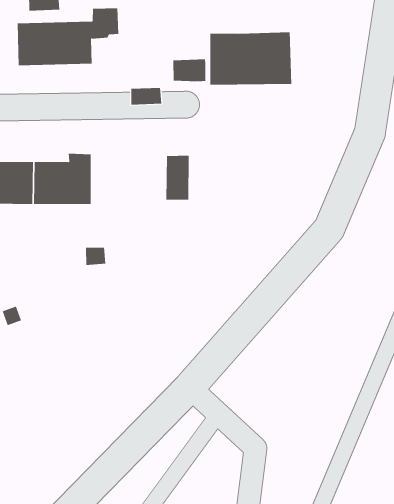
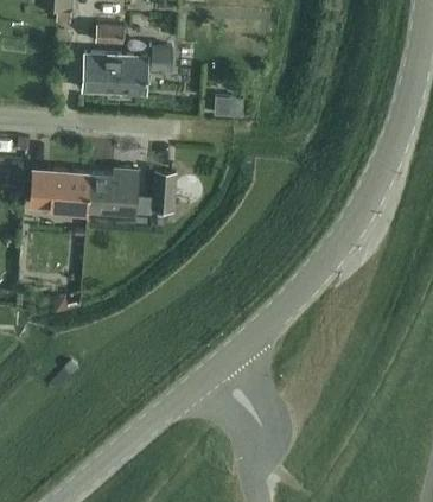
building: [210,31,292,86] -> none
building: [166,155,190,200] -> [152,172,176,211]

